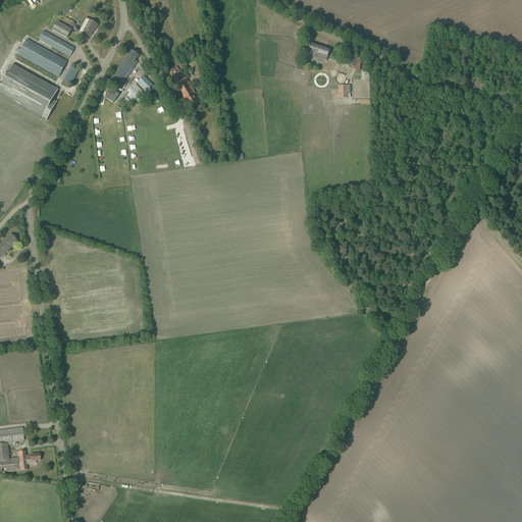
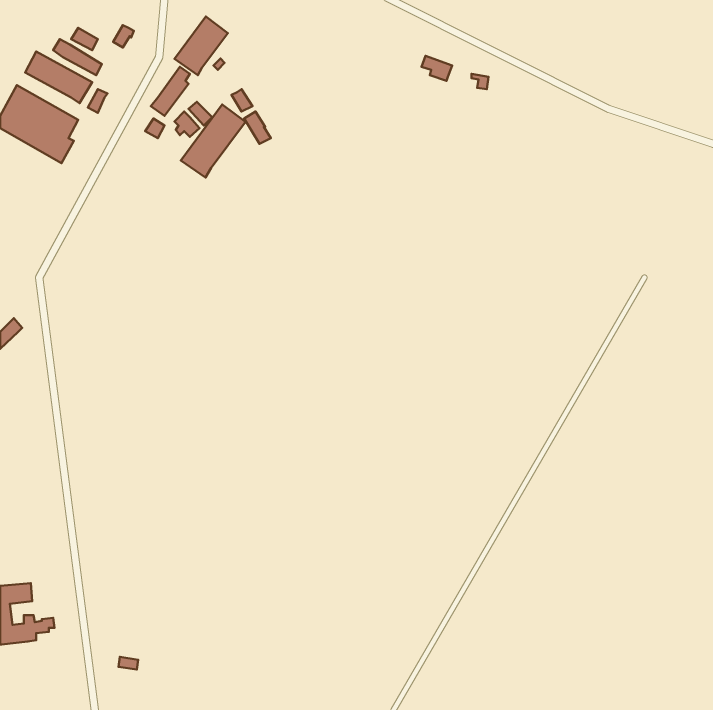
building: none -> [175,16,228,75]
building: none -> [181,104,246,177]

